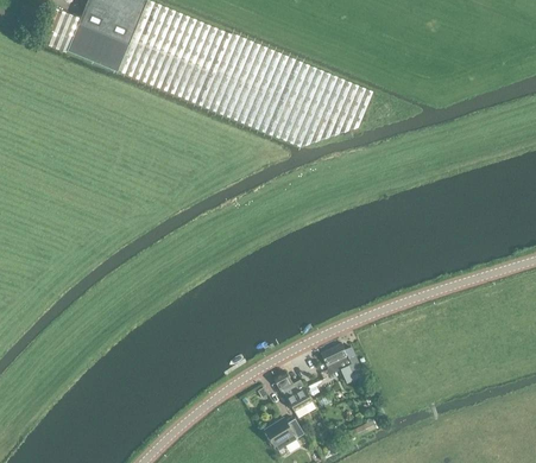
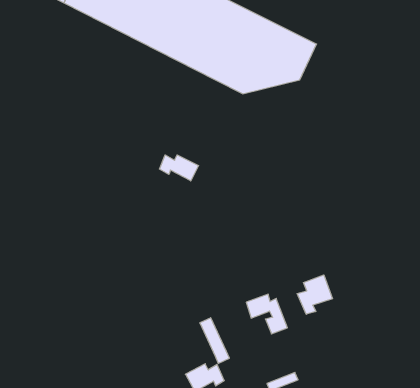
building: none -> [159,155,199,181]
building: none -> [297,275,332,314]

